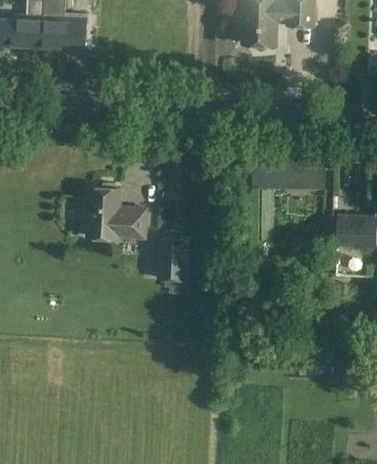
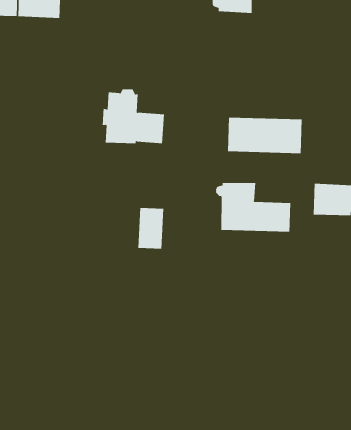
building: [82,185,145,240] -> [102,89,165,144]
building: none -> [216,182,291,232]

